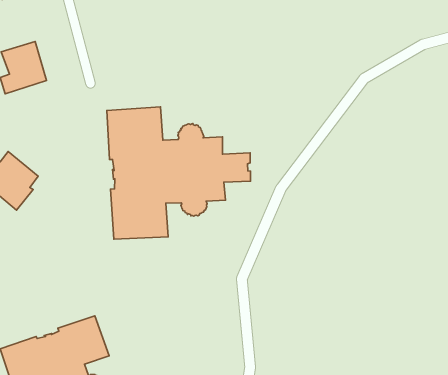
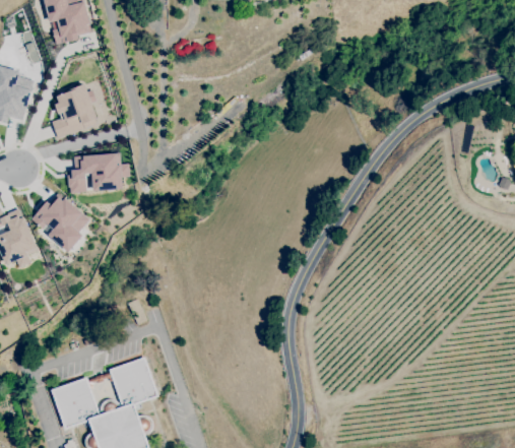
building: [107,107,251,239] -> none
building: none -> [68,153,122,192]

